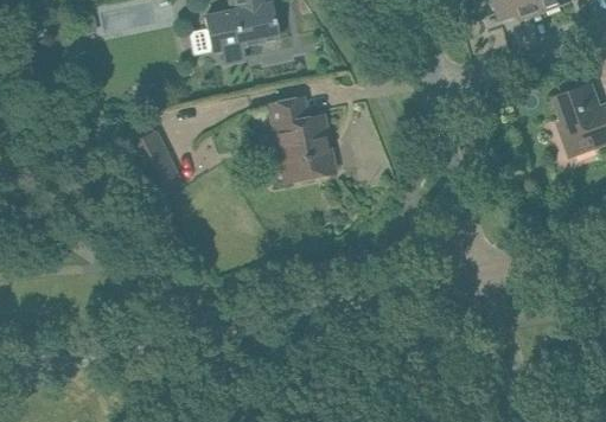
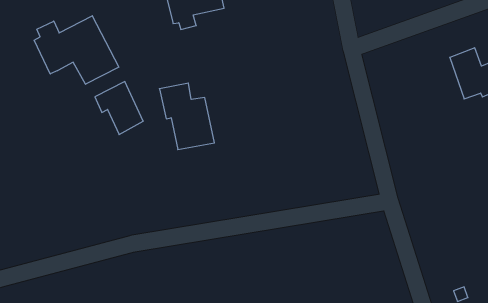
building: none -> [34,16,119,84]
building: [267,96,334,178] -> [159,83,214,150]

